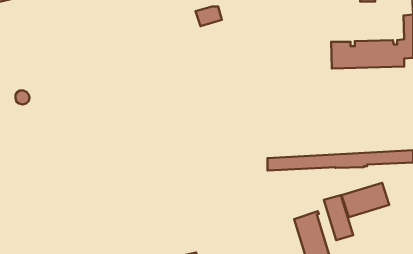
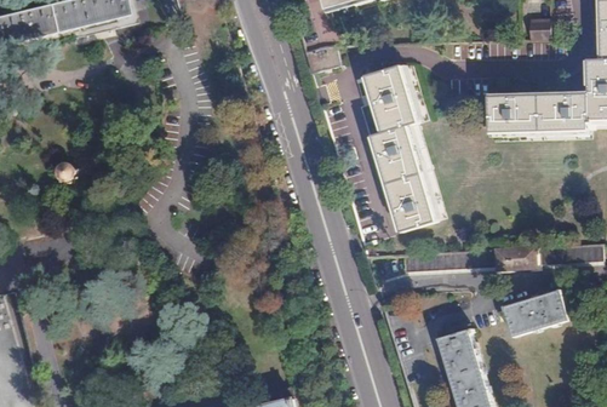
building: none -> [362,67,434,234]
building: [324,195,353,240] -> none

